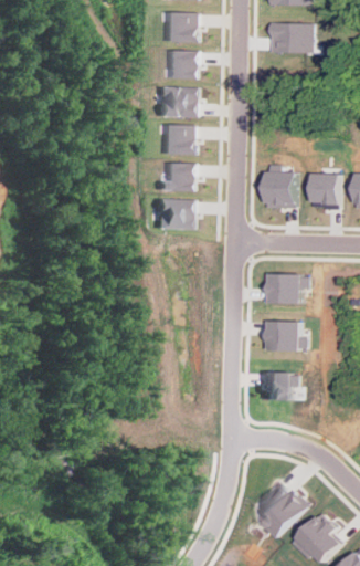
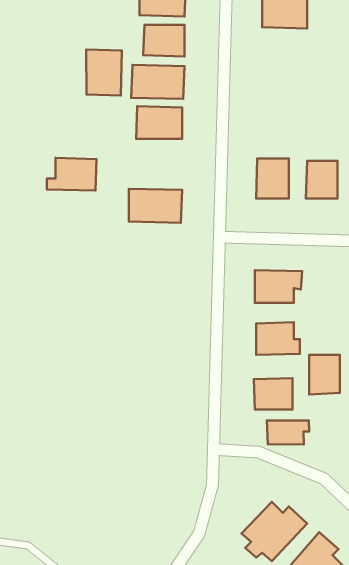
building: none -> [86,50,122,95]
building: [150,161,195,191] -> [47,158,97,191]
building: none -> [309,355,340,394]
building: none -> [267,420,309,444]

